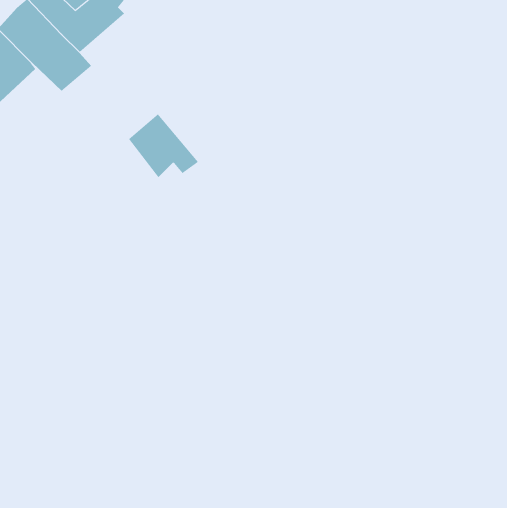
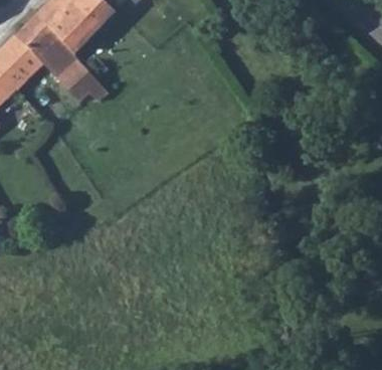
building: [128,114,199,178] -> [59,59,107,103]

